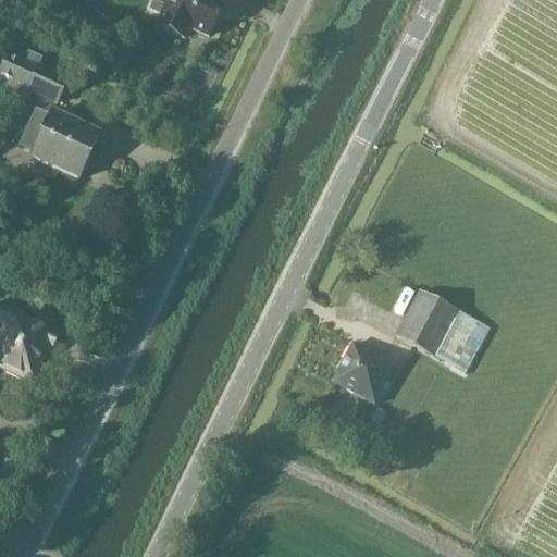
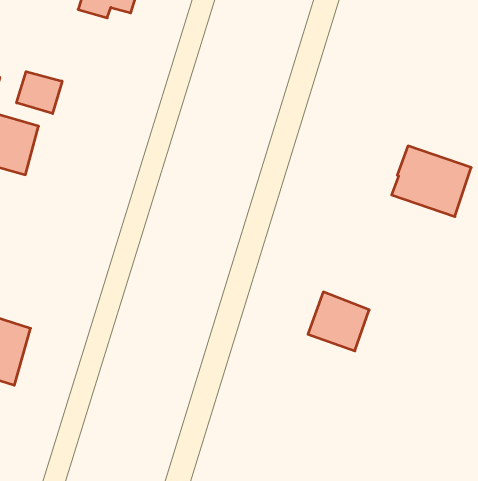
building: none -> [17,72,62,114]
building: [394,288,476,366] -> [392,146,471,217]

